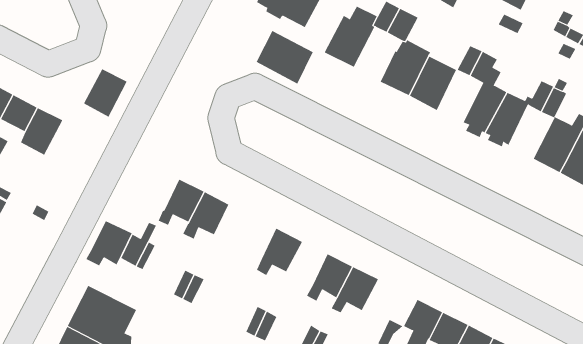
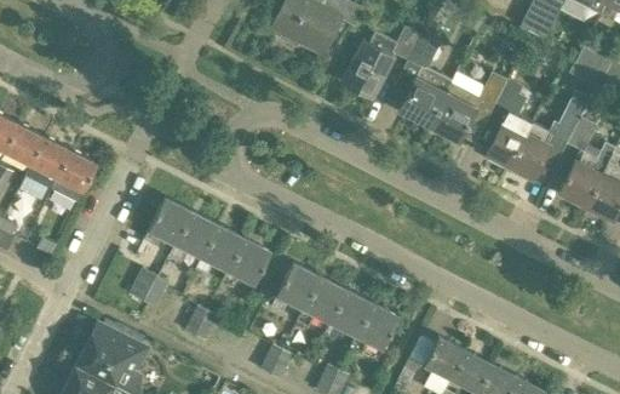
building: [256,30,313,85] -> none
building: [83,69,128,118] -> [52,152,98,202]
building: none -> [222,239,271,287]
building: [86,220,132,266] -> [143,199,191,246]
building: none -> [297,278,345,326]

